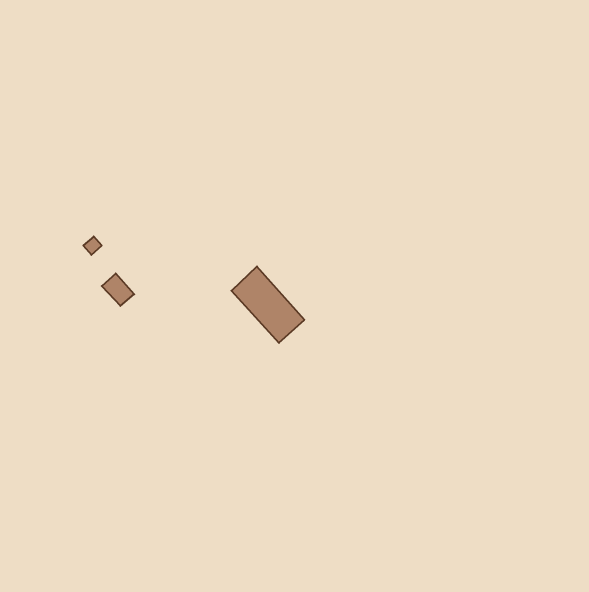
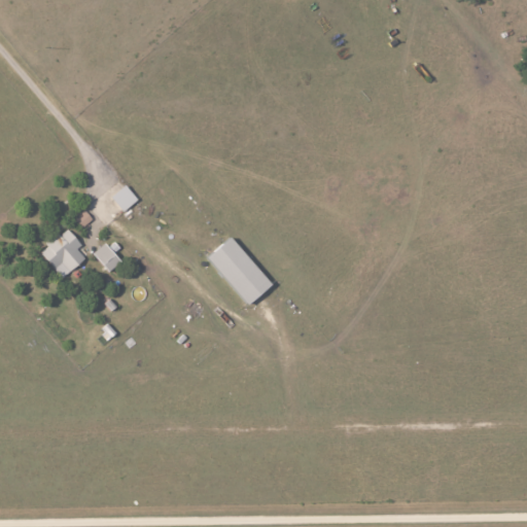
building: none -> [111,184,138,212]
building: none -> [40,227,85,278]

